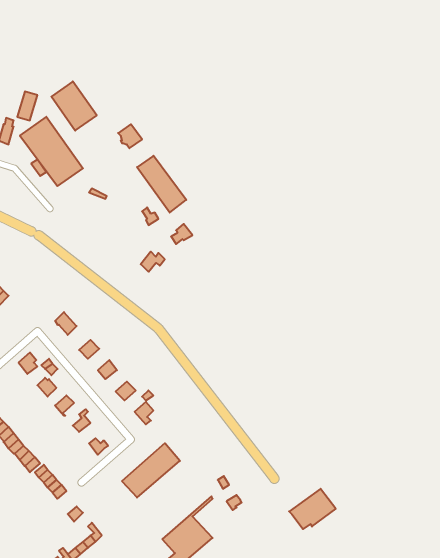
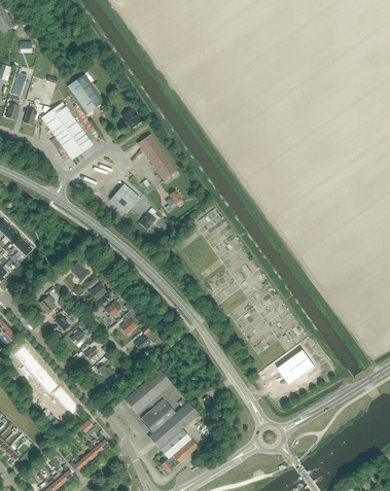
building: none -> [110,183,140,213]
building: none -> [141,398,198,447]
building: [289,489,336,529] -> [277,349,315,382]

